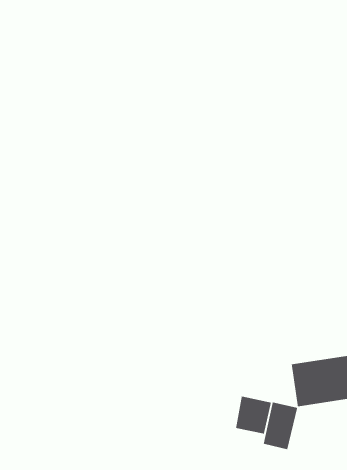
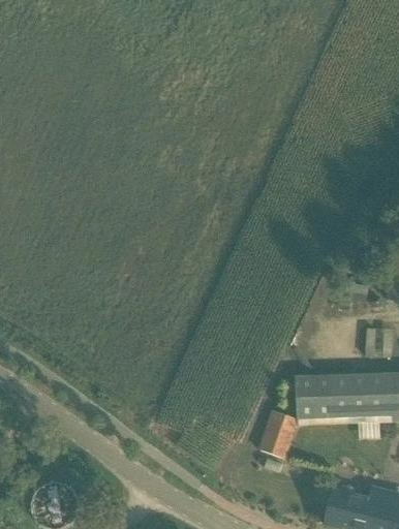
building: [235,395,272,435] -> none

